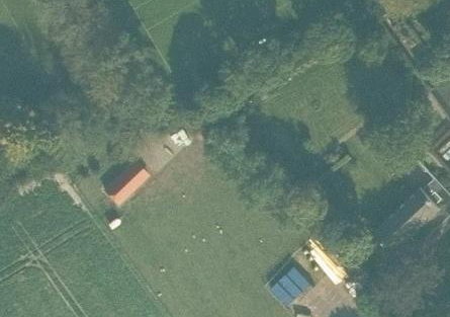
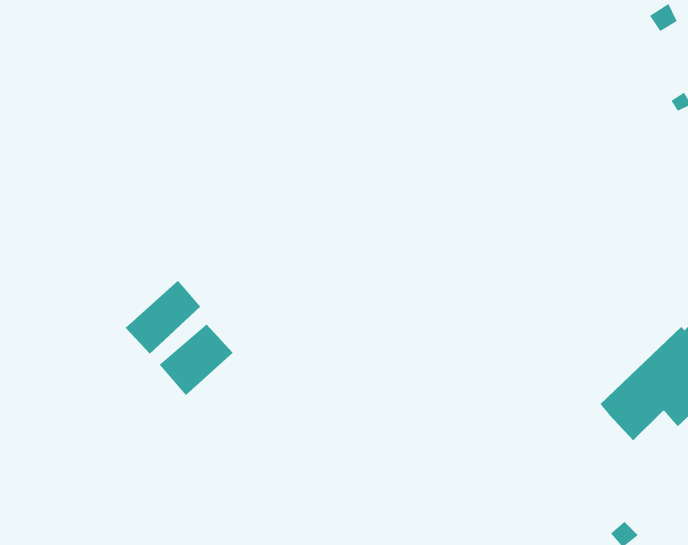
building: none -> [159,324,233,396]

